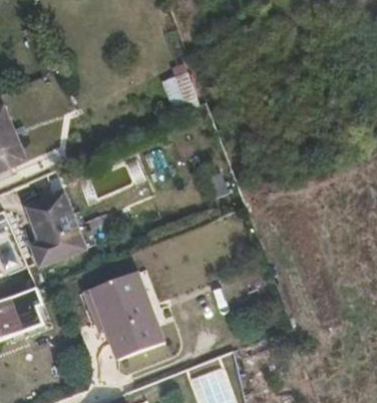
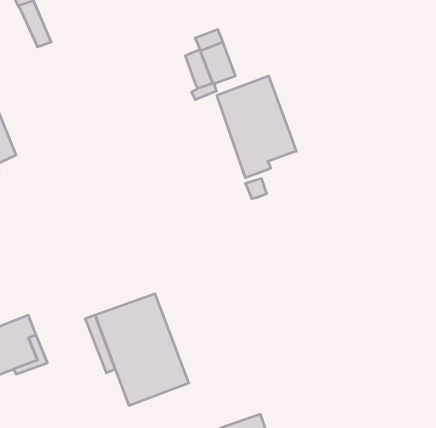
building: none -> [217,76,296,178]
building: [26,192,86,267] -> none

